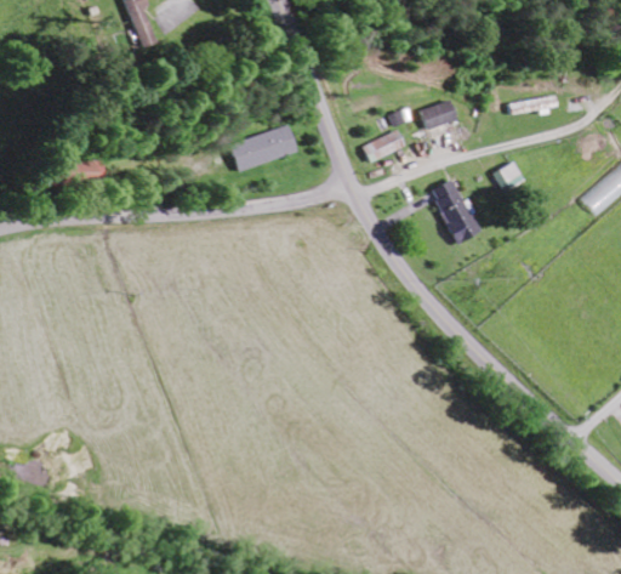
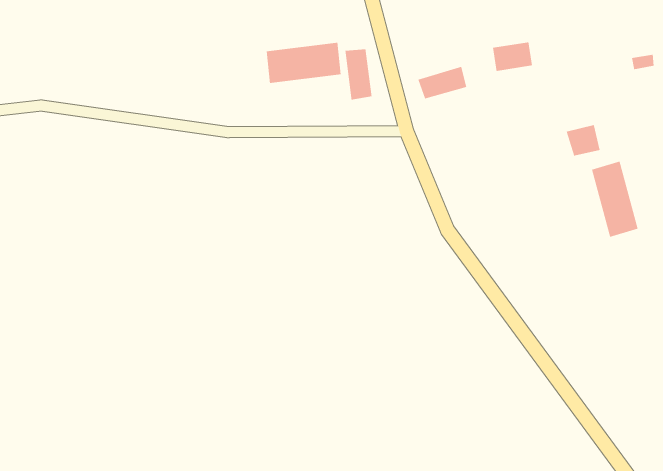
building: none -> [345,49,372,101]
building: [432,178,479,244] -> [591,161,638,237]

